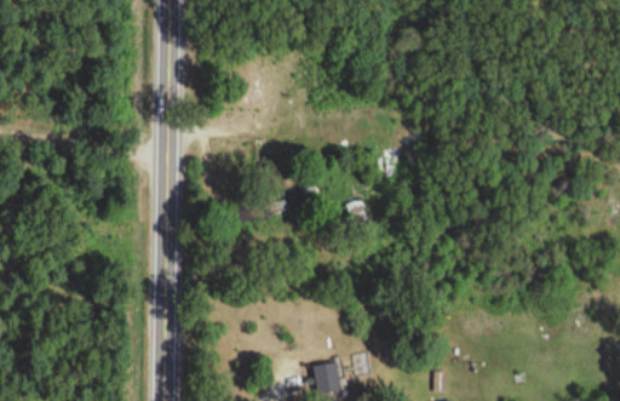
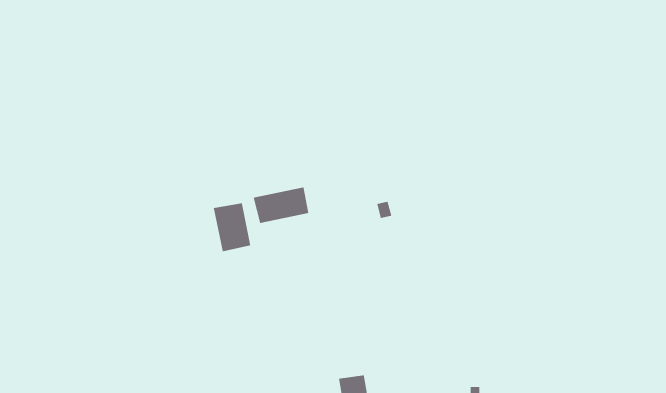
building: none -> [213,203,251,252]

